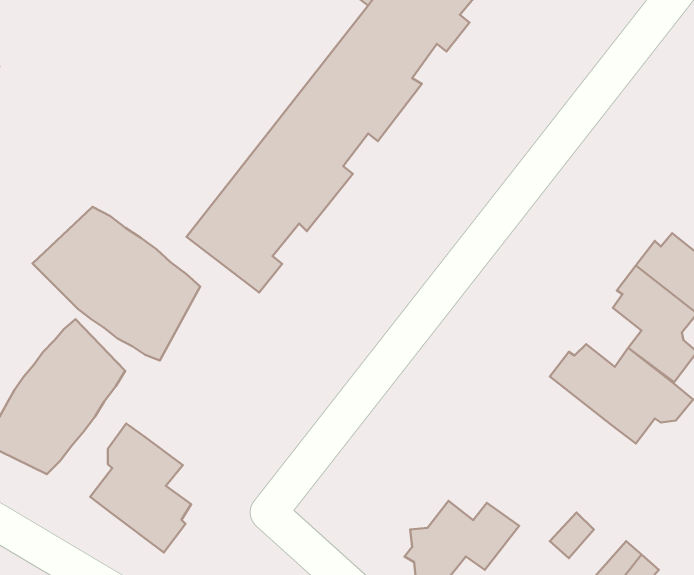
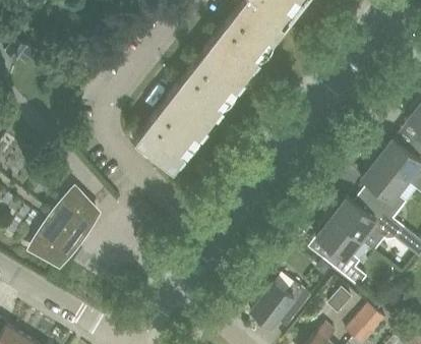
building: [33,207,200,361] -> none
building: none -> [316,215,367,286]
building: [90,424,191,552] -> none

